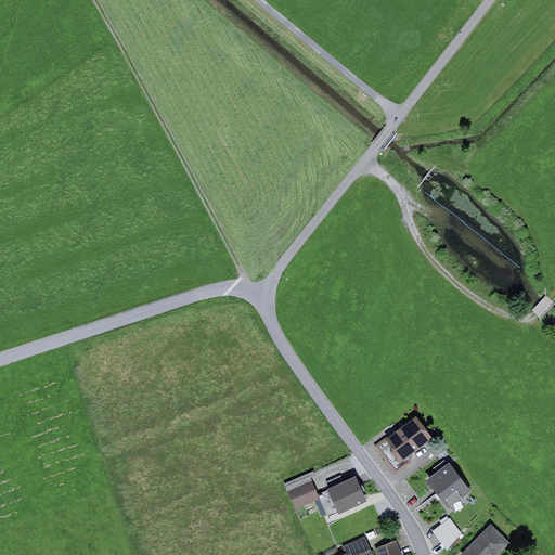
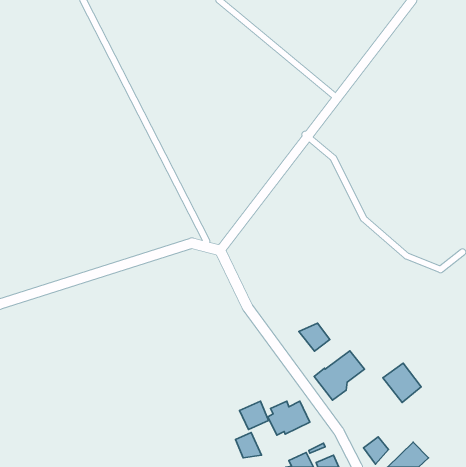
building: none -> [299,323,330,351]
building: [425,463,470,509] -> [383,363,421,403]
building: none -> [235,433,262,458]

